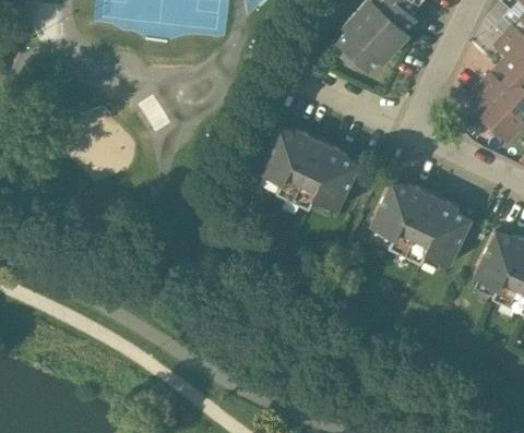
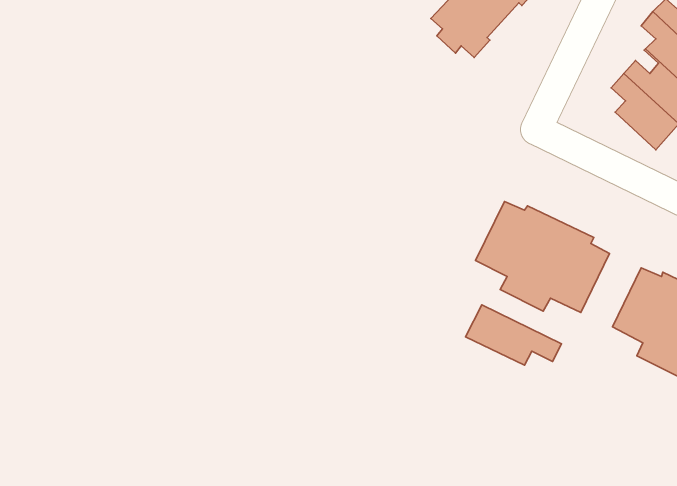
building: [258,127,360,211] -> none
building: none -> [466,305,561,365]

